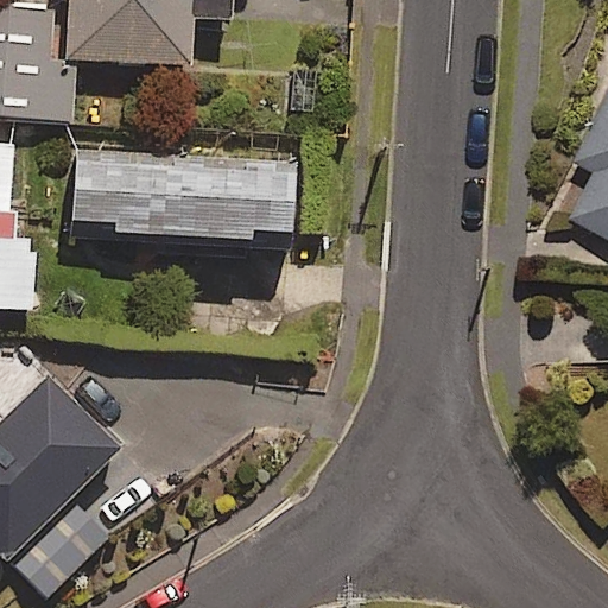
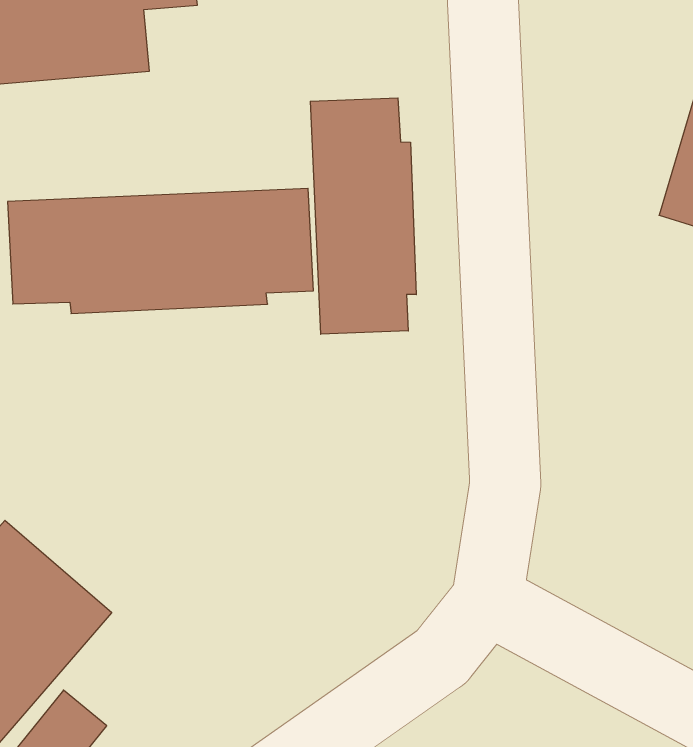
building: none -> [310,98,416,334]

